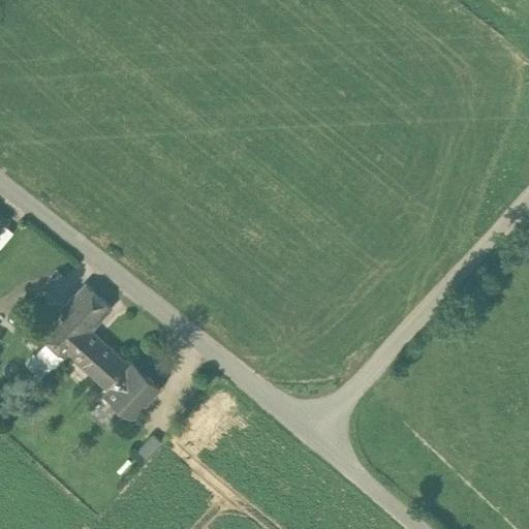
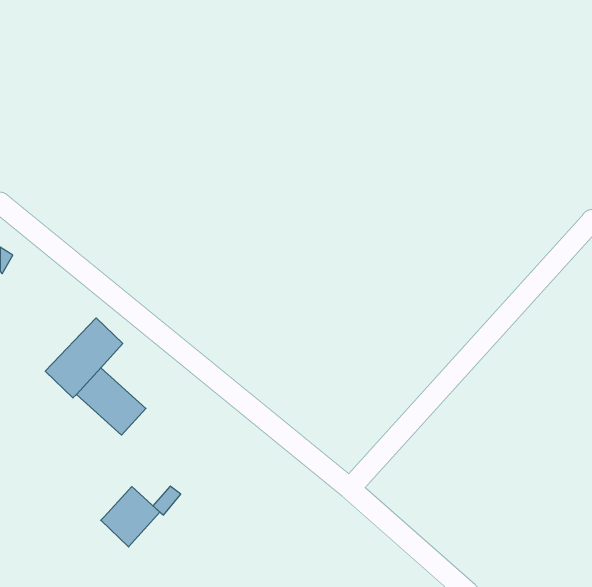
building: [105,366,158,419] -> [101,487,160,547]

